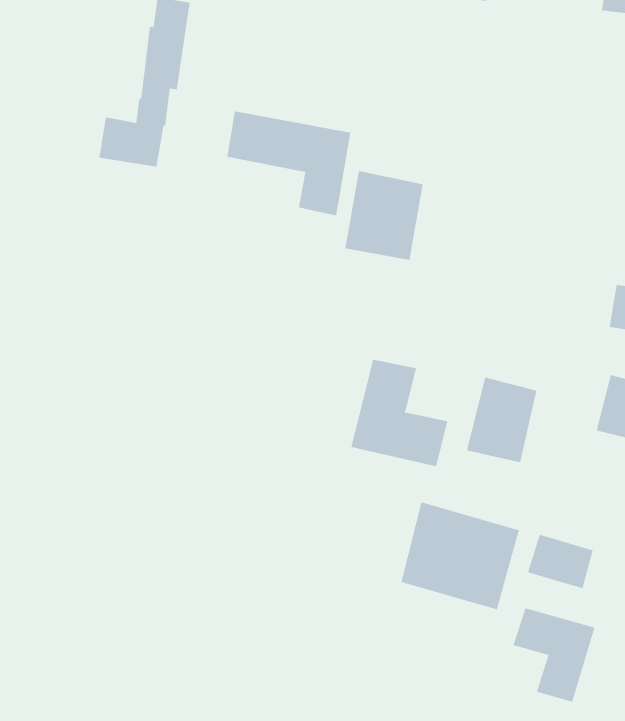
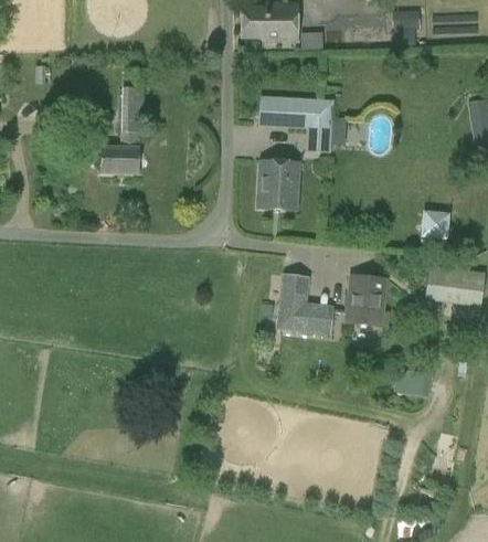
building: [226,111,351,216] -> [259,96,333,152]
building: [401,501,519,610] -> none
building: [513,608,595,702] -> none

